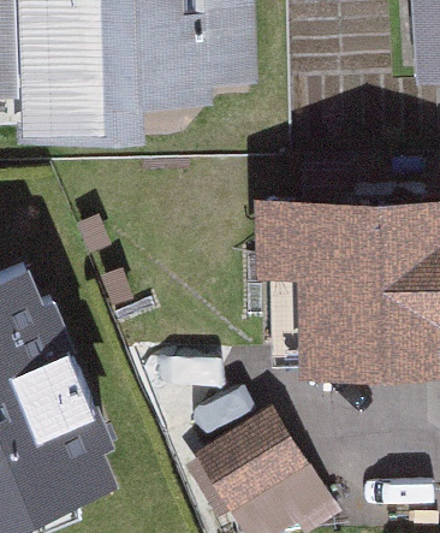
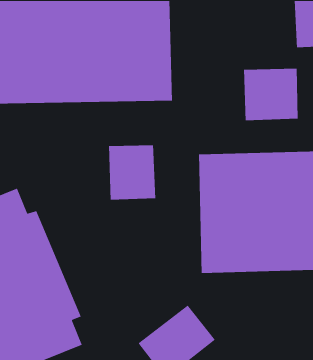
building: none -> [243,68,299,121]
building: none -> [108,145,156,200]

